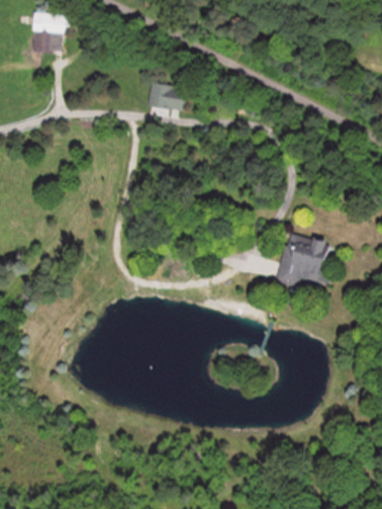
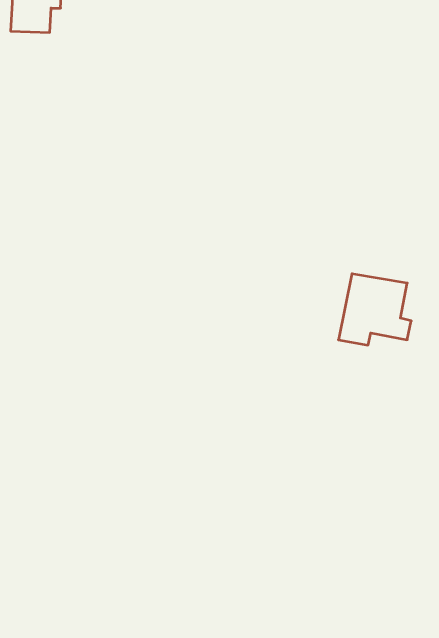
building: [147,83,187,112] -> none

